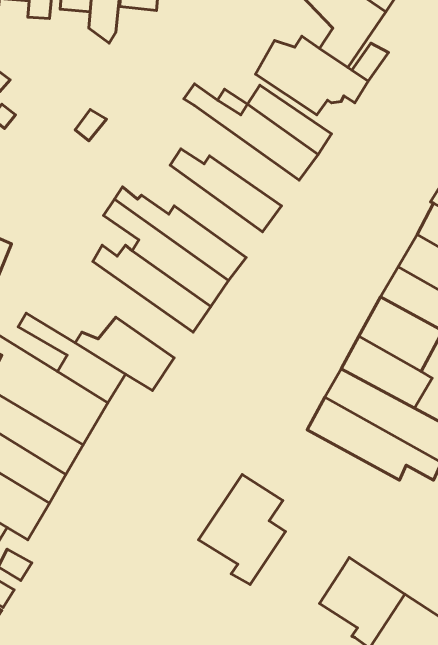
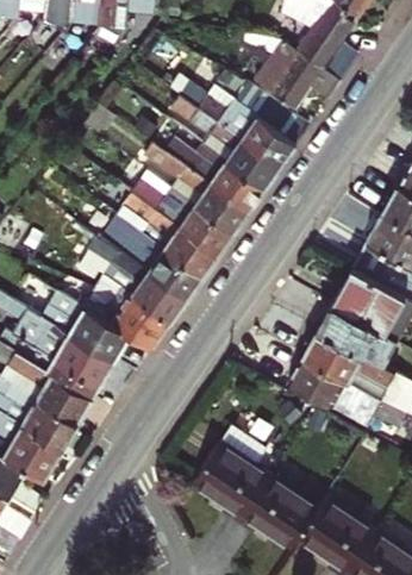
building: none -> [180,101,280,189]
building: none -> [141,143,248,235]
building: none -> [93,238,187,323]
building: none -> [237,475,318,546]

